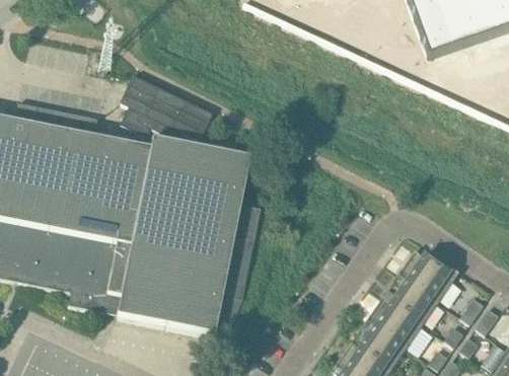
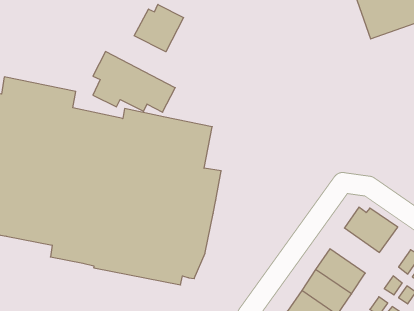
building: none -> [134,4,184,52]
building: [381,270,437,320] -> none

